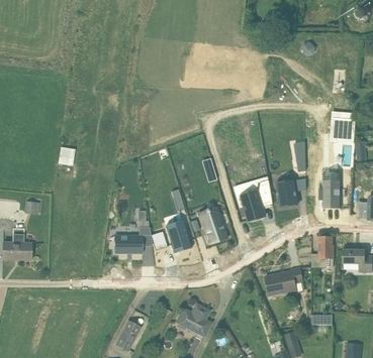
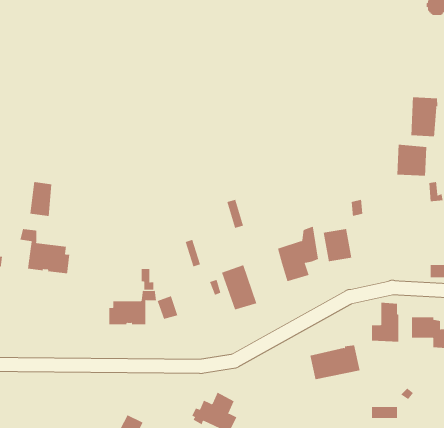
building: none -> [411,97,438,137]
building: [319,172,341,209] -> none
building: none -> [20,228,70,274]
building: [166,220,191,253] -> none

